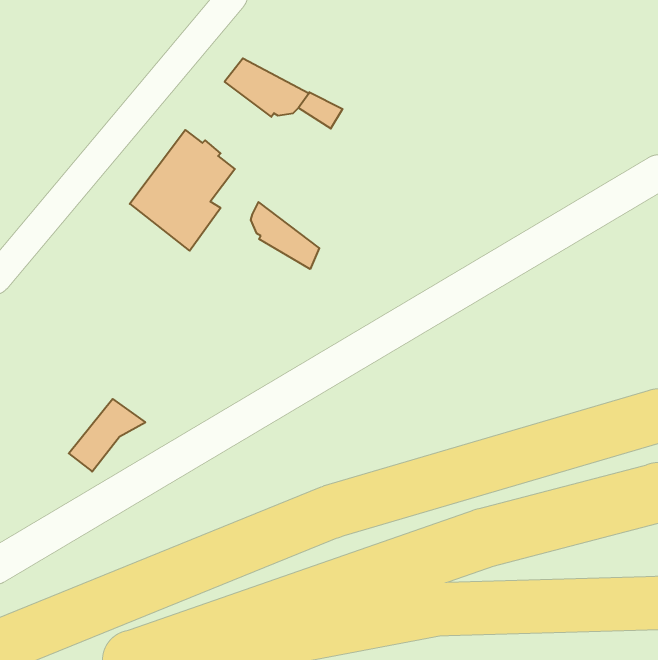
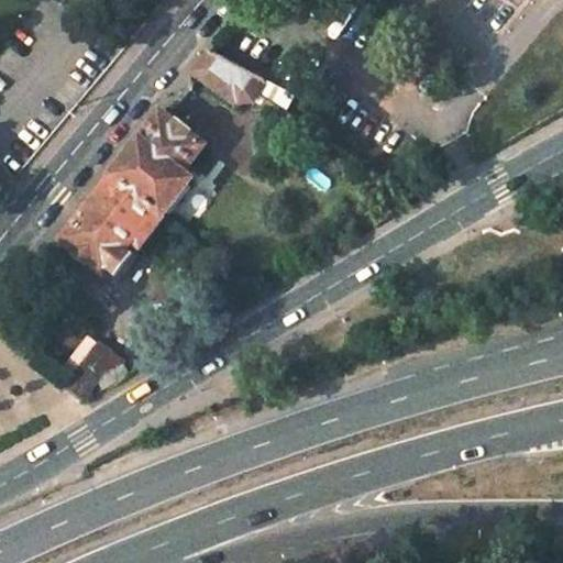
building: [251,202,319,269] -> none
building: none -> [59,173,161,278]

